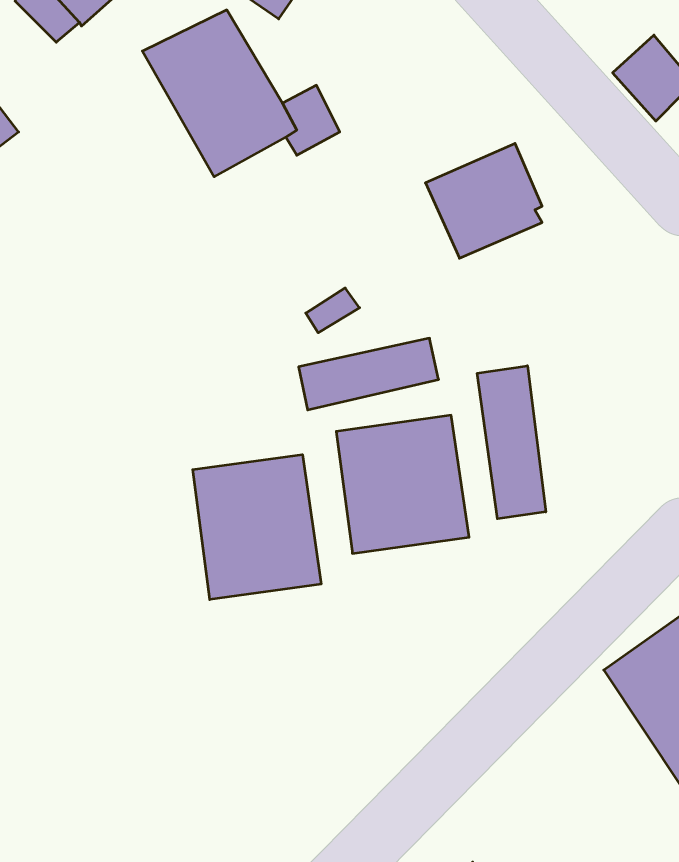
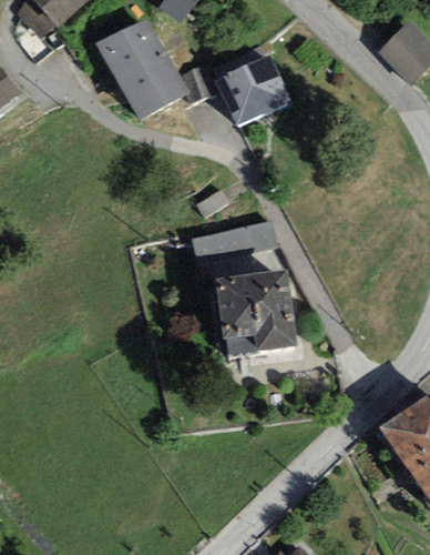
building: [425,143,542,258] -> [215,54,287,125]
building: [477,366,546,519] -> none
building: [193,455,321,600] -> none

